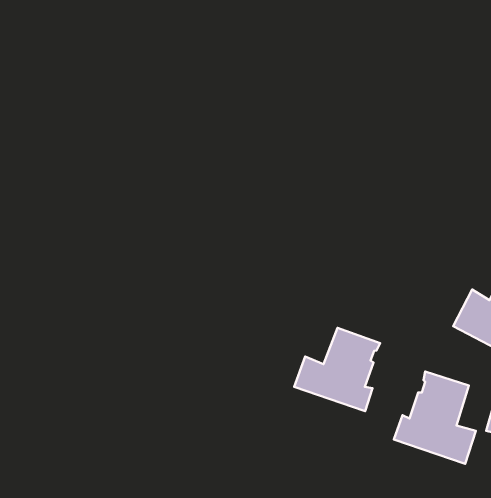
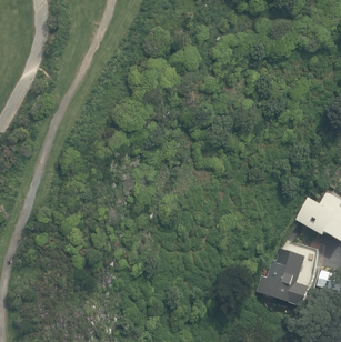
building: [294,328,380,411] -> none

